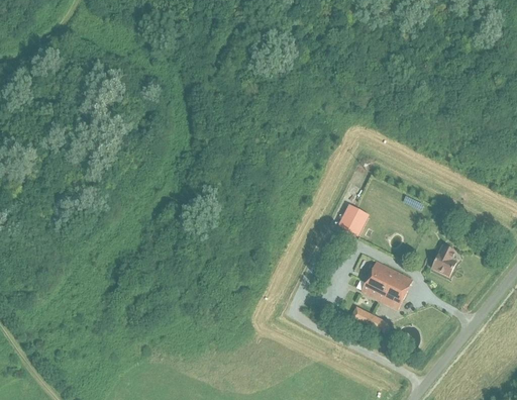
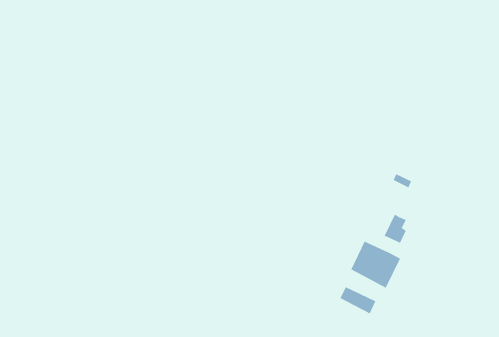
building: [338,204,370,235] -> none
building: [432,244,455,275] -> [384,214,406,244]

